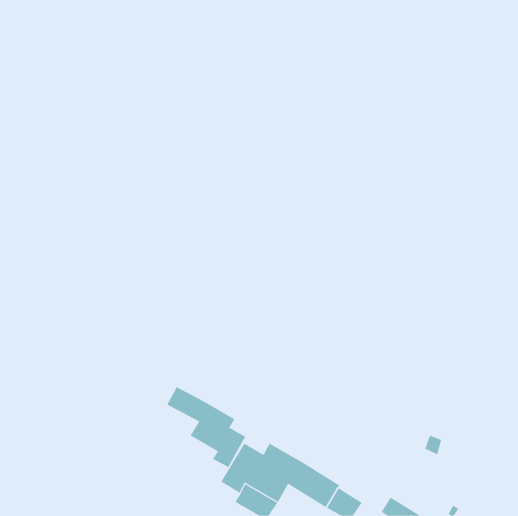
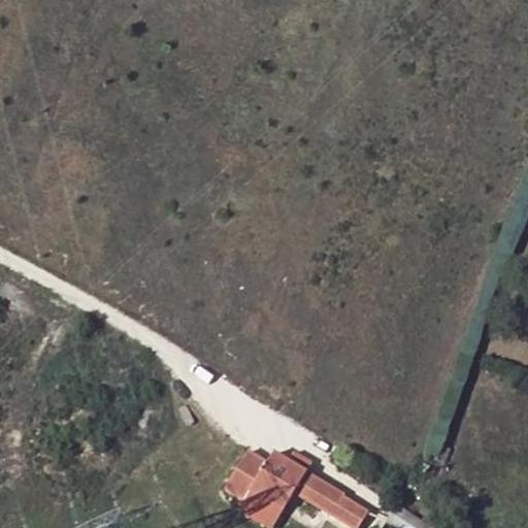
building: [167,386,246,468] -> none

